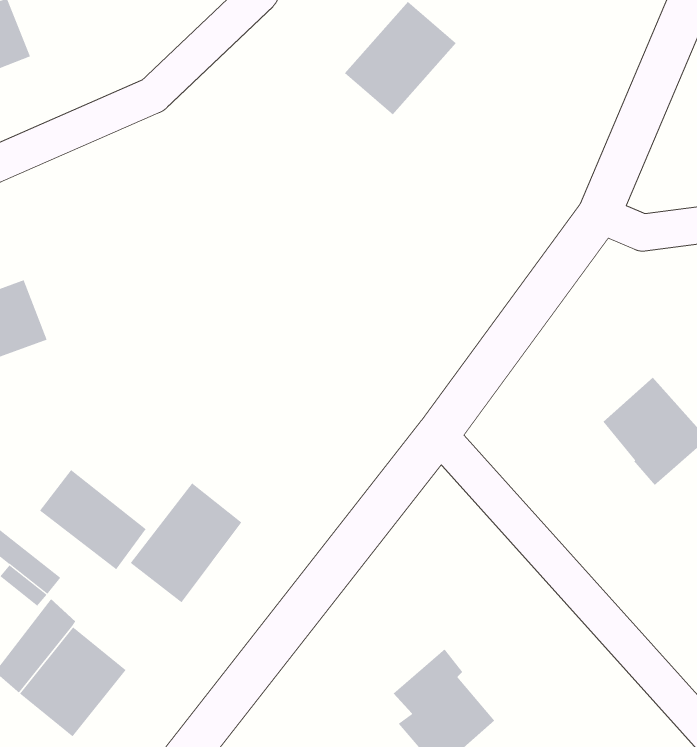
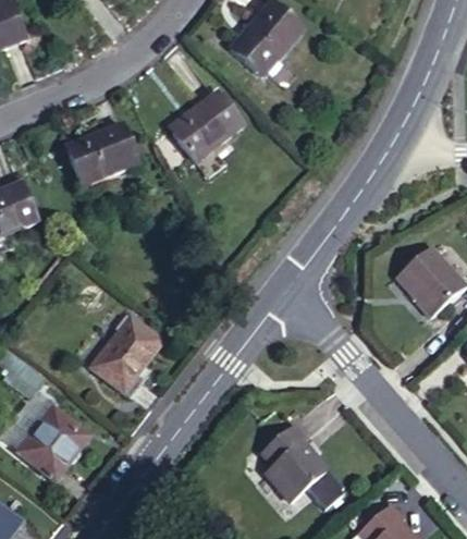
building: none -> [169,91,243,161]
building: none -> [66,124,138,185]
building: [39,469,147,570] -> none

